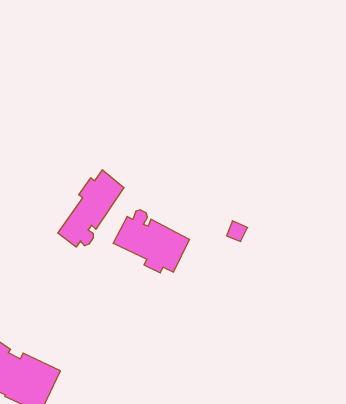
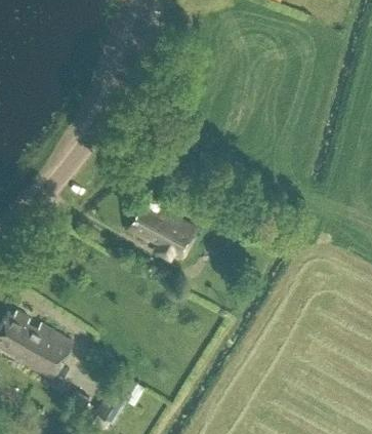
building: [58,170,124,247] -> none

